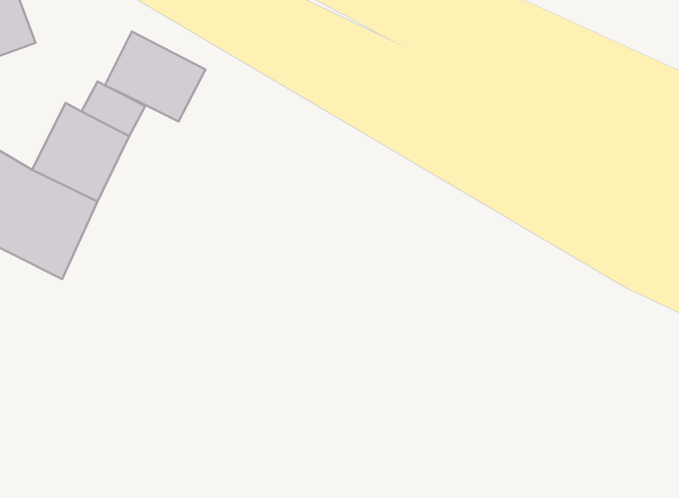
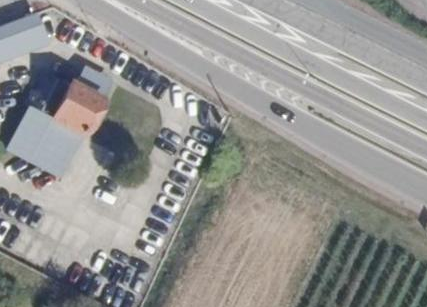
building: [105,32,205,121] -> none

